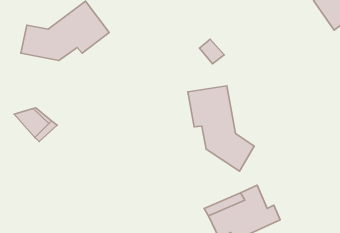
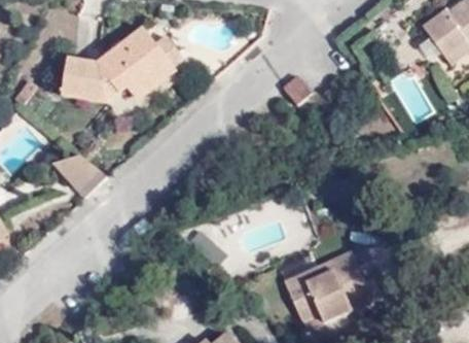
building: [188,86,254,171] -> none

